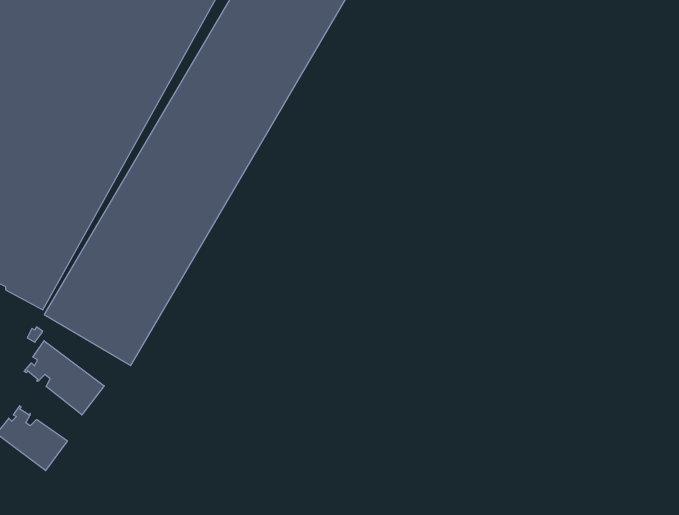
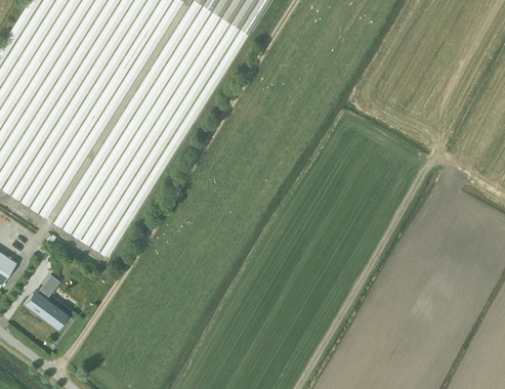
building: [24,341,104,415] -> none

